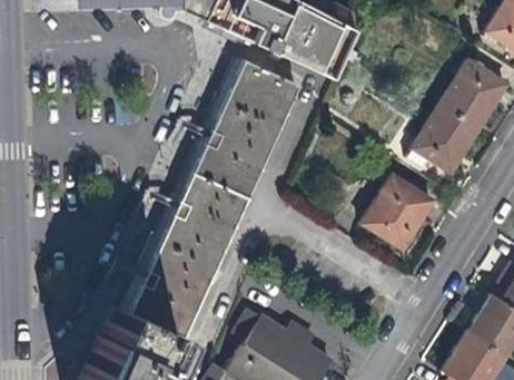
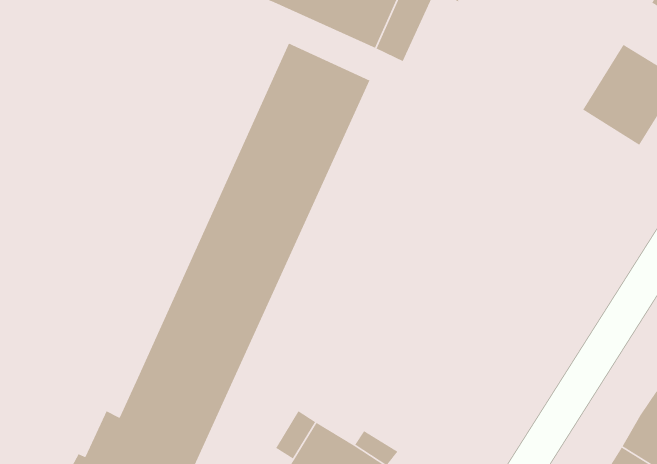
building: [414,104,481,173] -> none
building: [363,175,434,249] -> none

